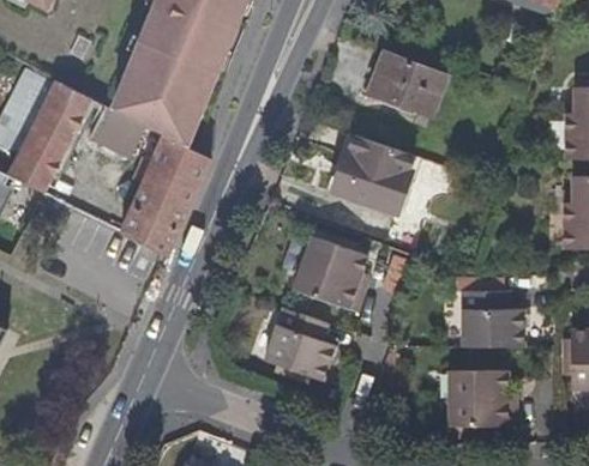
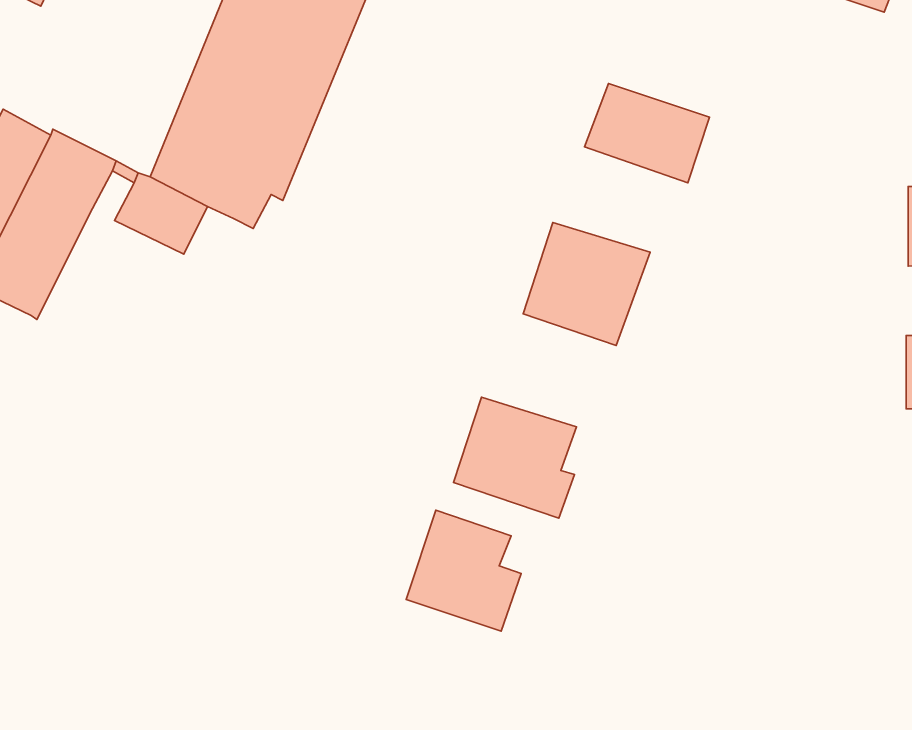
building: [118,133,209,256] -> none
building: [467,291,528,347] -> none
building: [453,370,521,426] -> none

